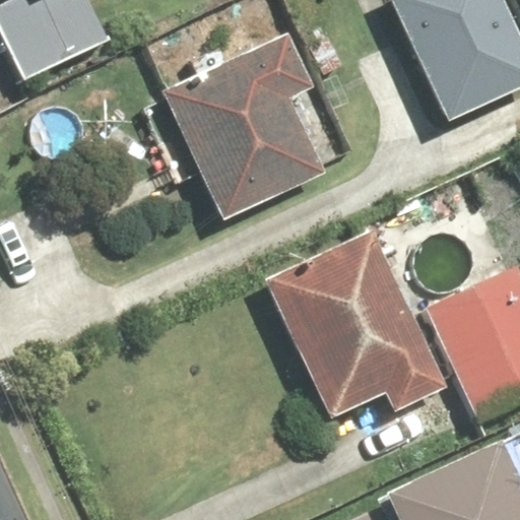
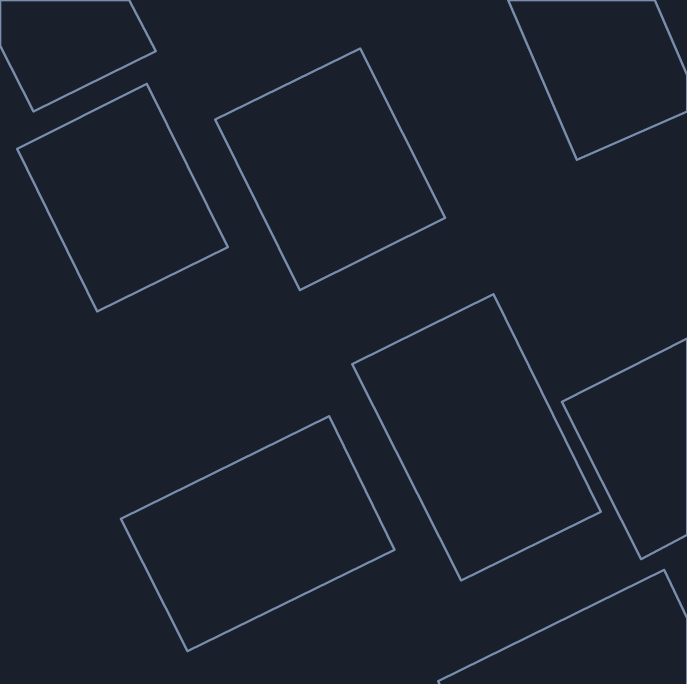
building: none -> [17,84,228,311]
building: none -> [121,416,394,651]

